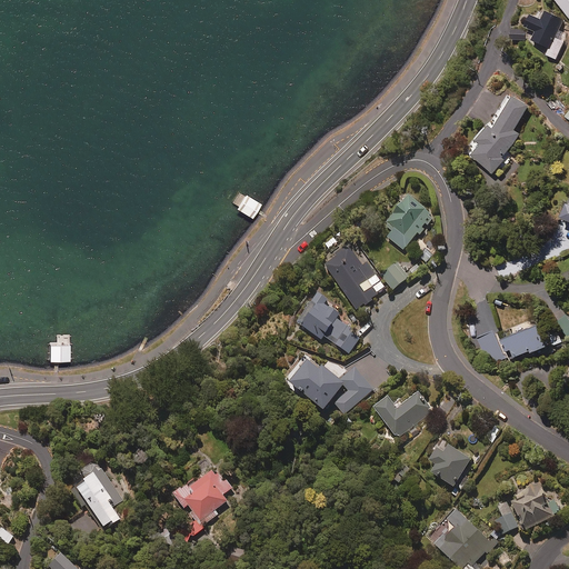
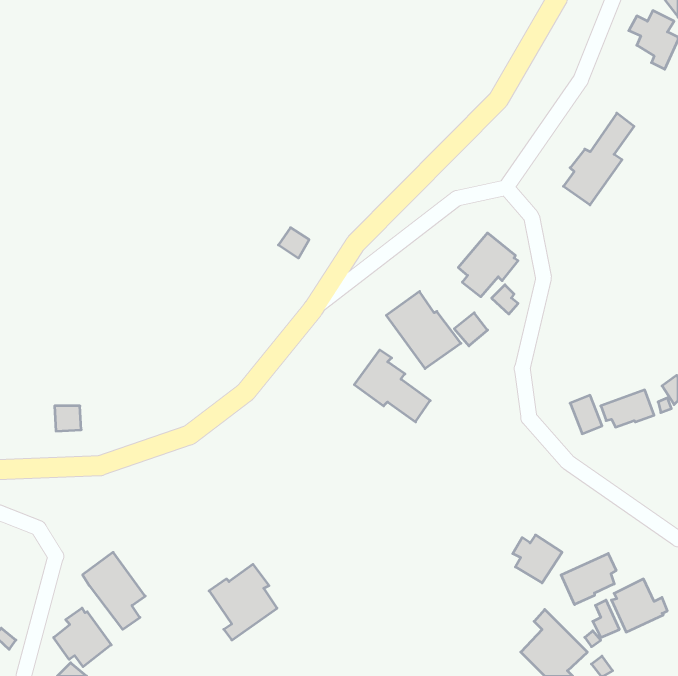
building: [288,357,370,413] -> none
building: [372,392,430,437] -> none
building: none -> [561,553,616,605]
building: none -> [54,608,111,667]

